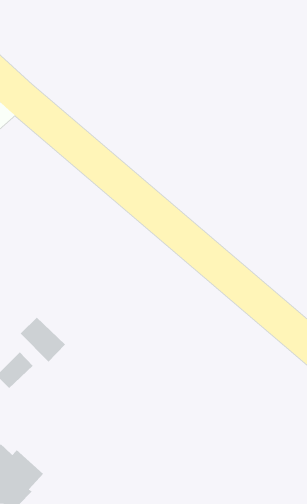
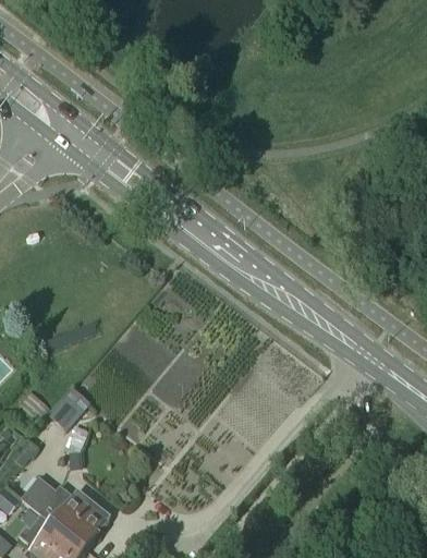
building: [20,317,66,363] -> none

